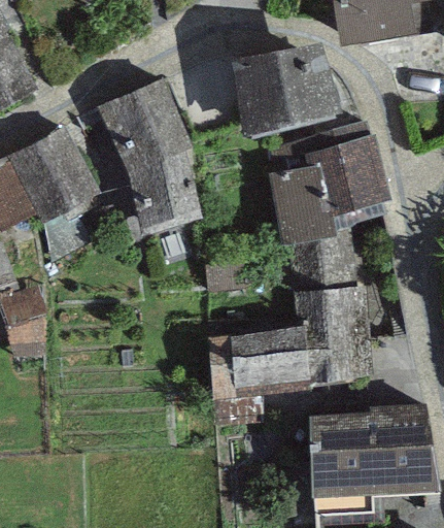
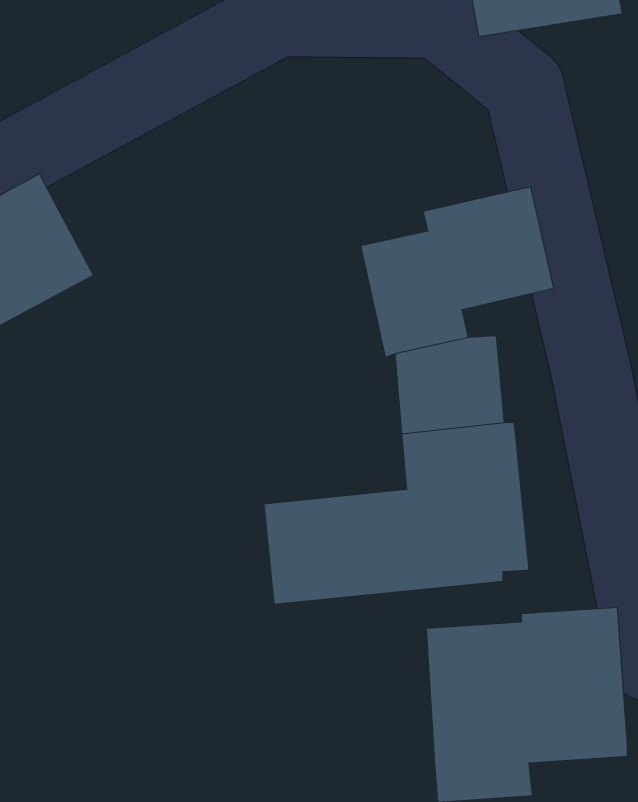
building: [227,37,338,131] -> none
building: [97,79,201,228] -> none

